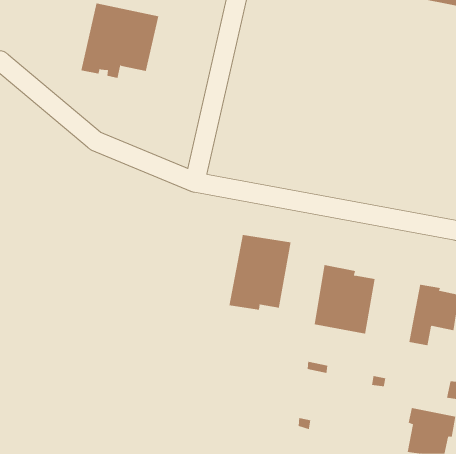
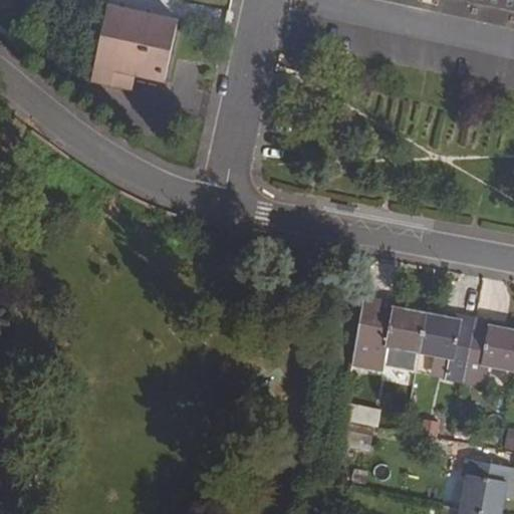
building: [229,234,291,311] -> none
building: none -> [412,313,472,384]

